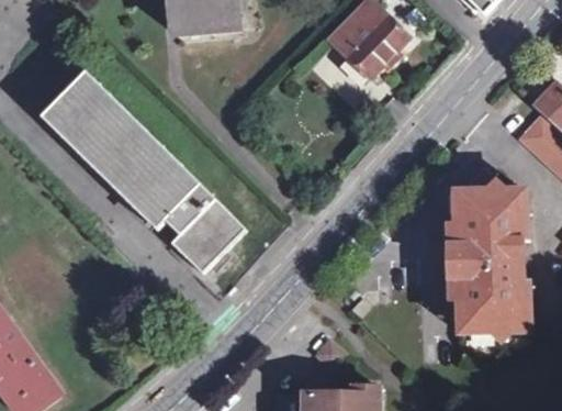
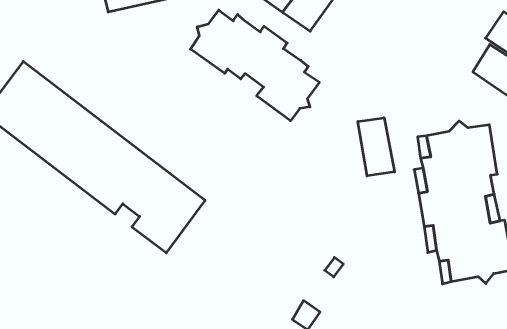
building: none -> [190,10,319,121]
building: none -> [358,118,395,176]

